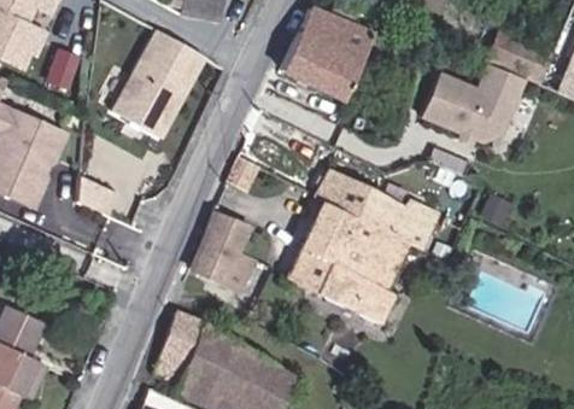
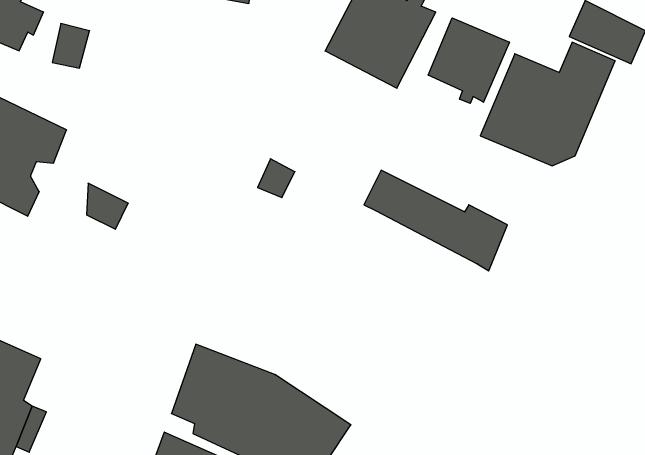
building: [110,33,199,138] -> none
building: none -> [428,18,509,103]
building: [286,201,409,327] -> none
building: [183,211,253,303] -> none

